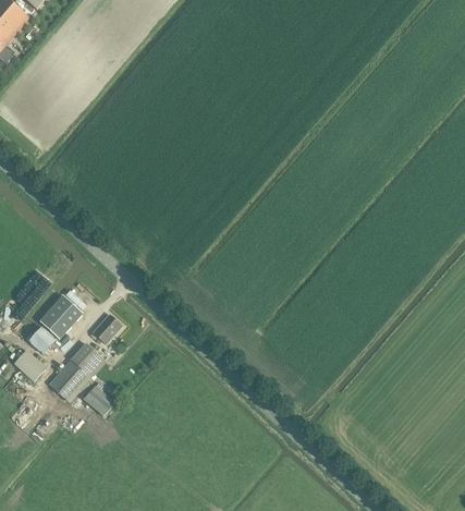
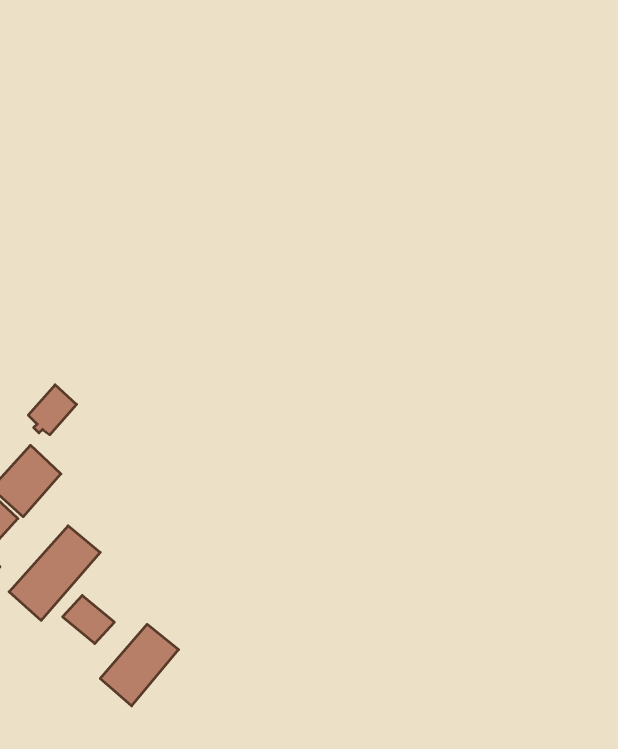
building: [93,313,122,343] -> [28,385,77,435]
building: none -> [100,624,179,706]

